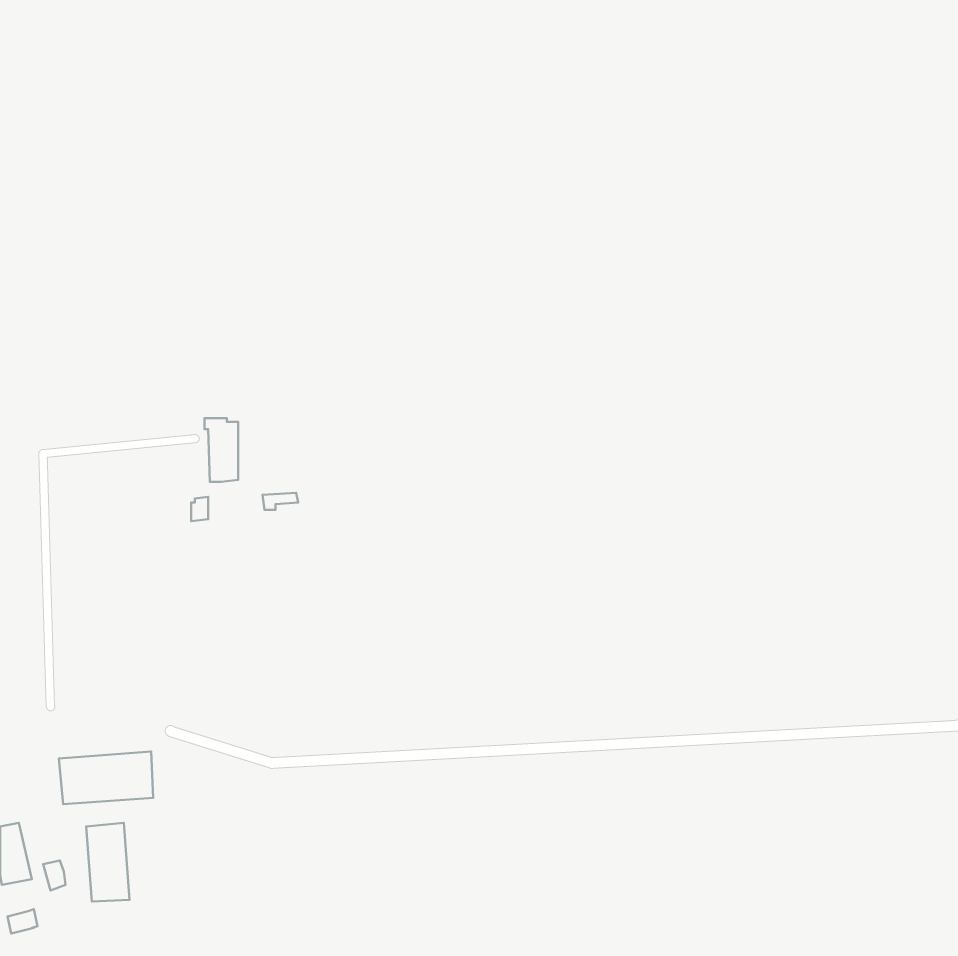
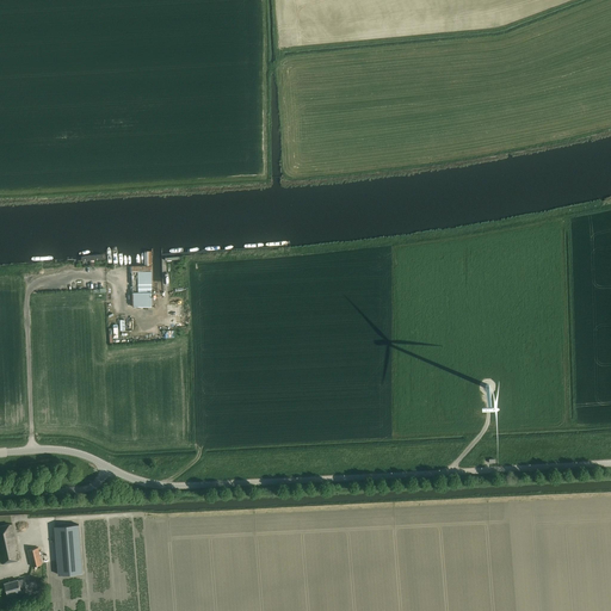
building: [59,752,153,804] -> none

